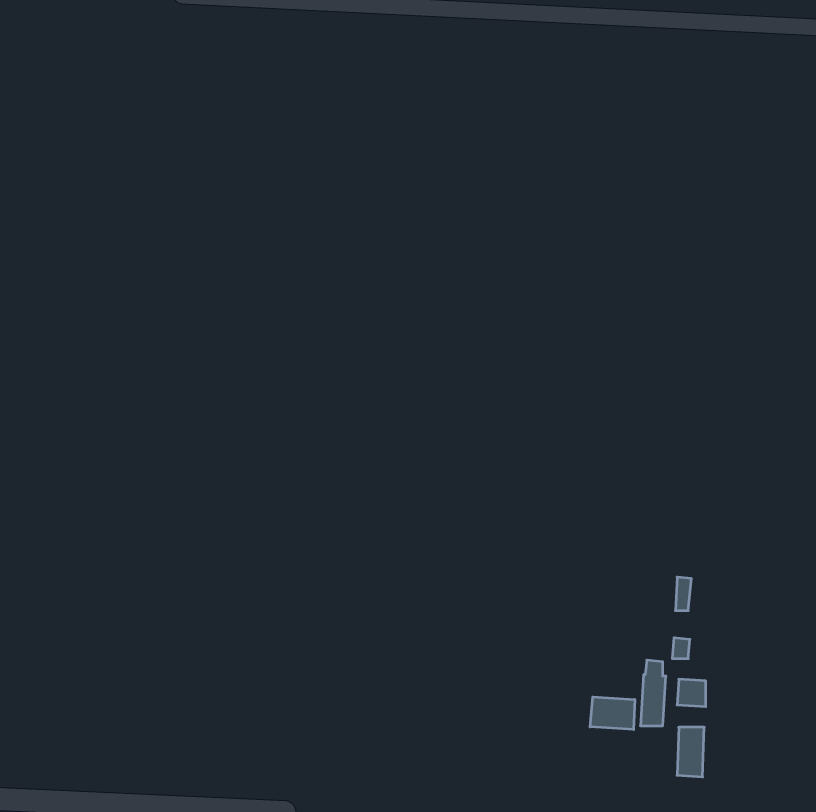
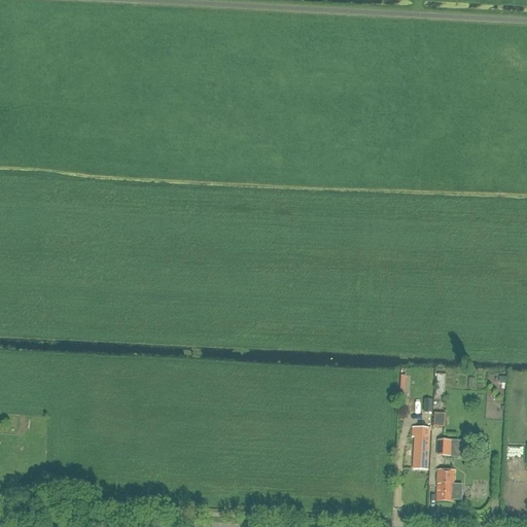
building: [590,697,635,730] -> none

